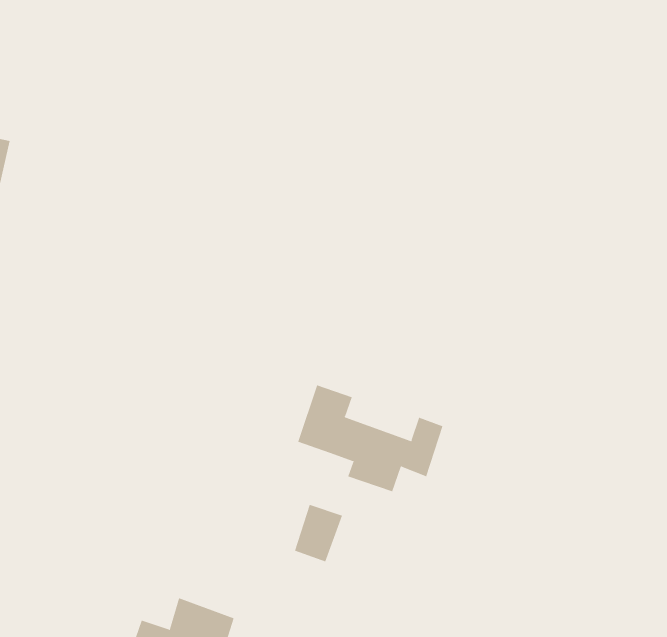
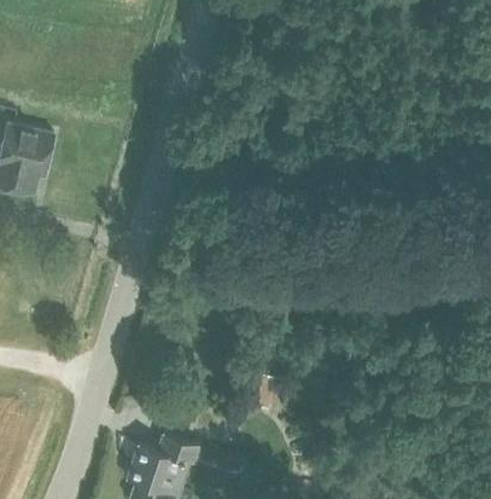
building: [298,385,443,492] -> none

